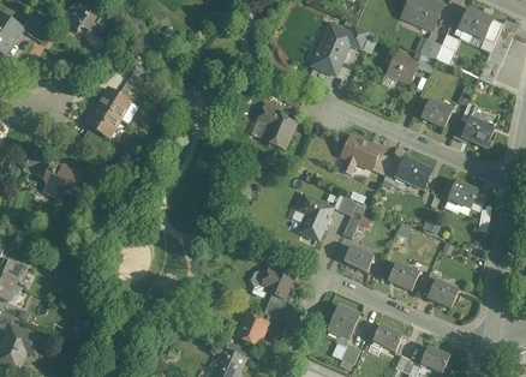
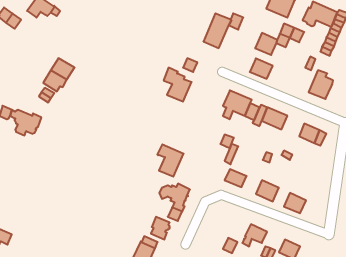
building: [419,98,452,127] -> [250,58,273,79]
building: [295,193,333,239] -> [157,144,184,177]
building: [327,305,359,337] -> none

